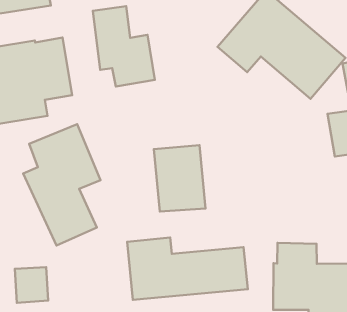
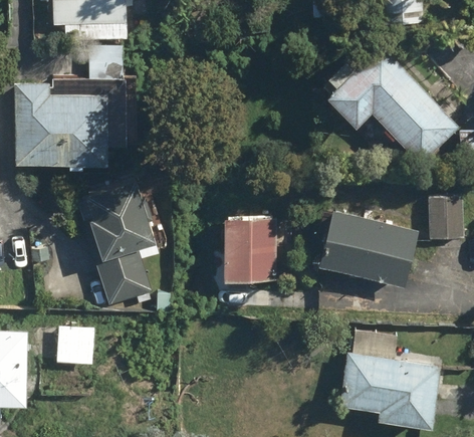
building: [93,6,155,86] -> none
building: none -> [318,206,422,290]
building: [127,238,248,300] -> none

